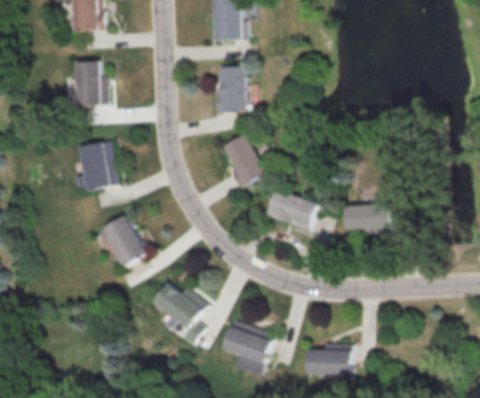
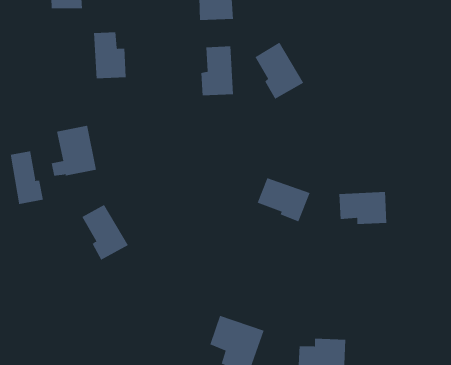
building: [76,60,107,105] -> [93,32,127,79]
building: [221,133,268,187] -> [254,42,304,99]
building: none -> [10,150,43,205]
building: [154,283,207,344] -> none

